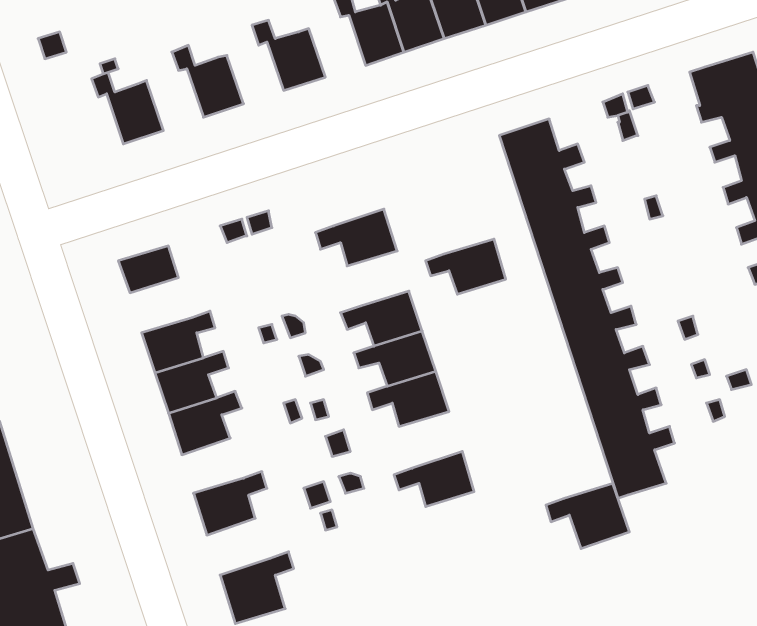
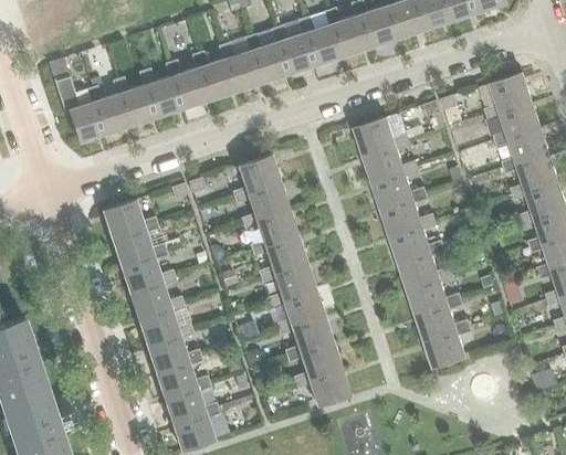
building: none -> [219,43,266,89]
building: none -> [165,61,212,107]
building: none -> [113,77,159,125]
building: none -> [56,82,106,142]
building: none -> [239,156,279,188]
building: [426,239,506,294] -> [242,204,295,241]
building: none -> [111,218,158,258]
building: none -> [276,310,331,348]
building: none -> [145,324,192,364]
building: [546,483,629,549] -> [294,363,349,406]
building: none -> [161,378,210,419]

